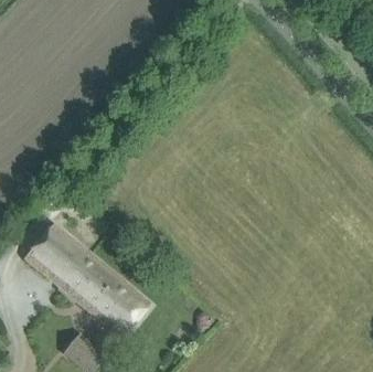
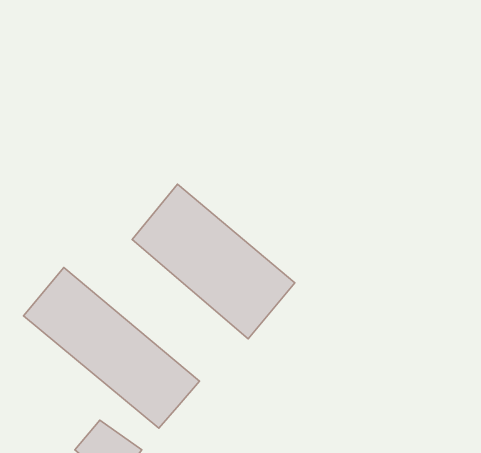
building: none -> [132,184,295,339]

